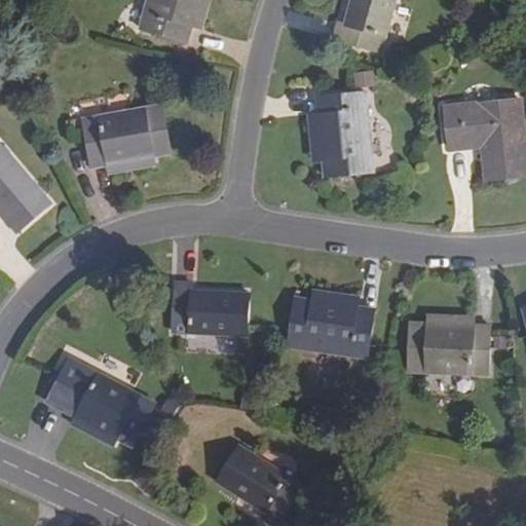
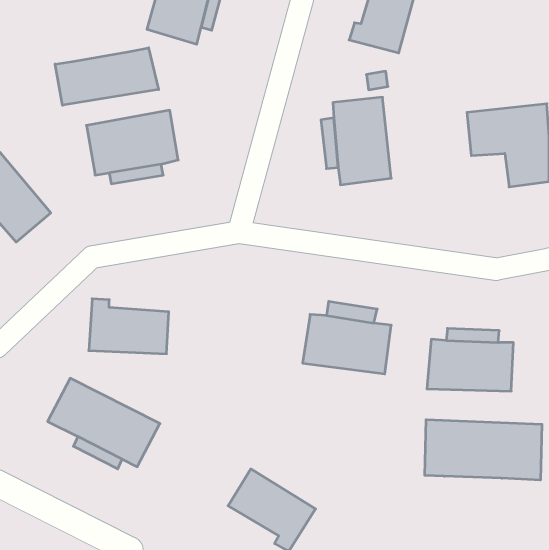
building: none -> [55,48,159,105]
building: [172,281,248,334] -> [89,299,169,354]
building: none -> [425,420,542,480]

